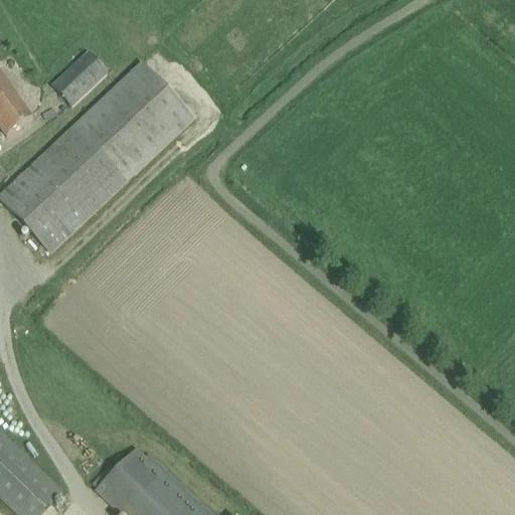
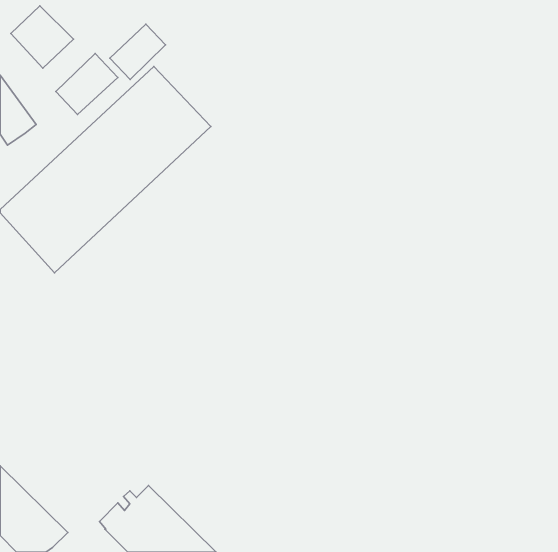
building: none -> [11,6,73,68]
building: none -> [110,24,165,79]

